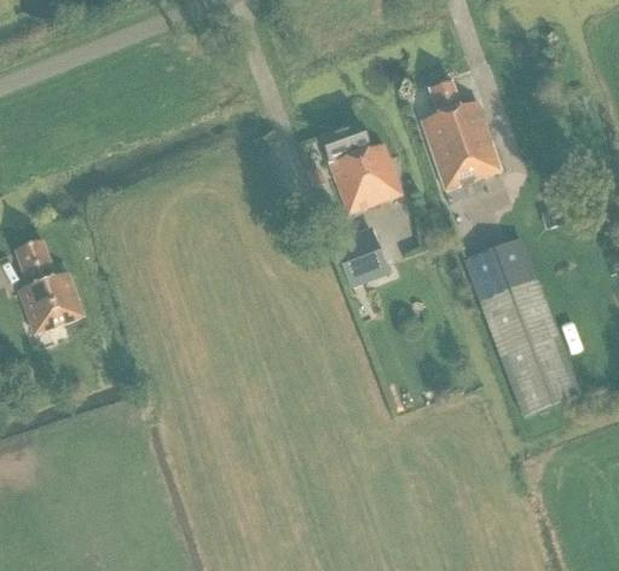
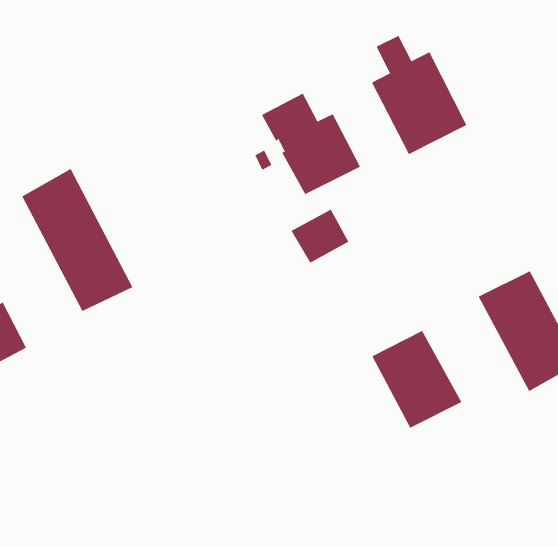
building: none -> [21,168,133,312]
building: [464,238,539,324] -> [371,330,462,428]

